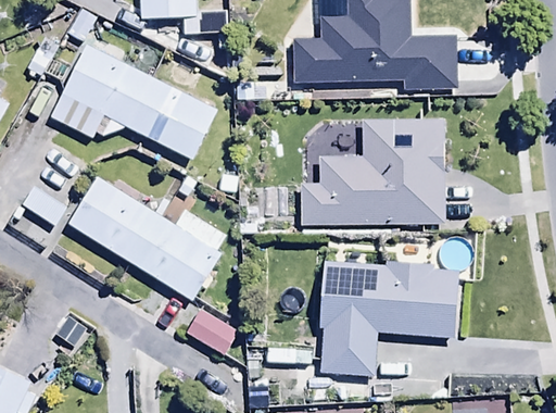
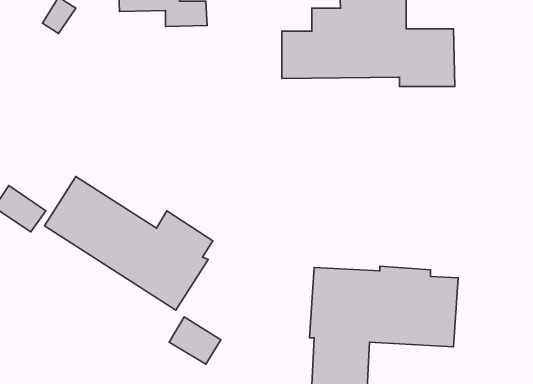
building: [50,42,217,160] -> none
building: [300,118,444,224] -> none

